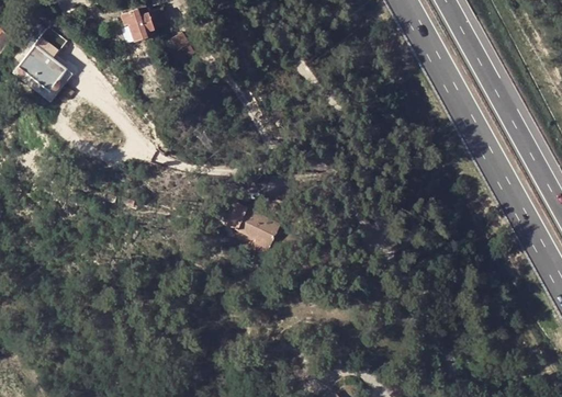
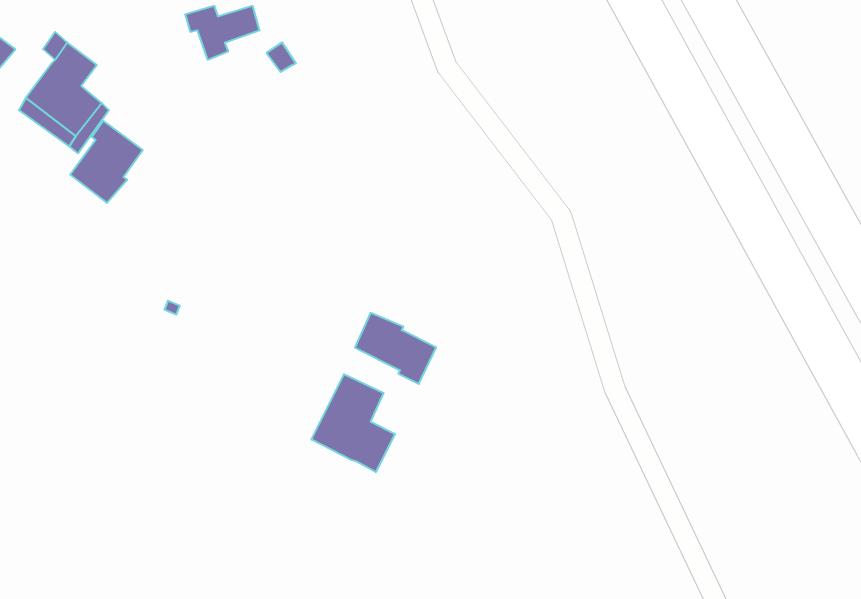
building: none -> [70,121,143,203]
building: none -> [311,374,395,472]

